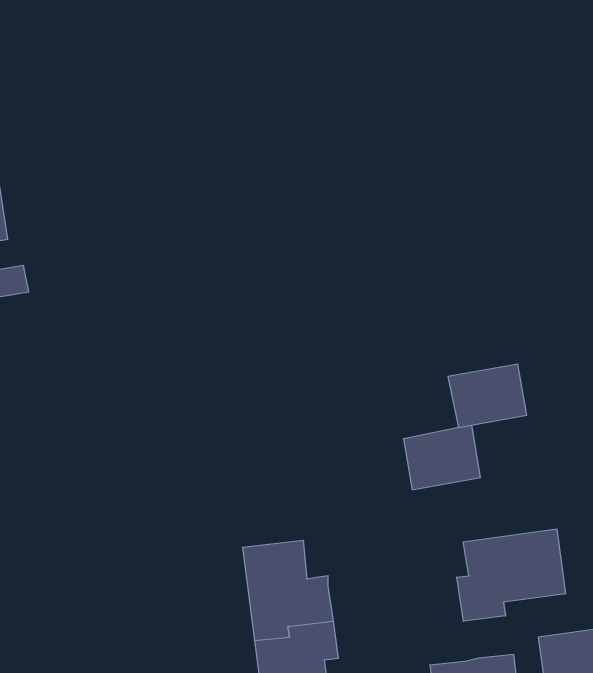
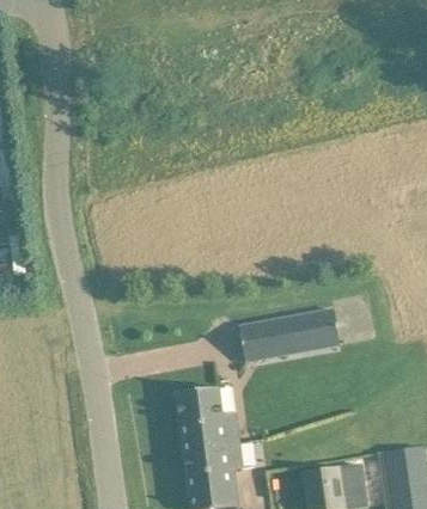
building: [448,364,527,427] -> [238,318,292,361]
building: [457,529,566,621] -> none

